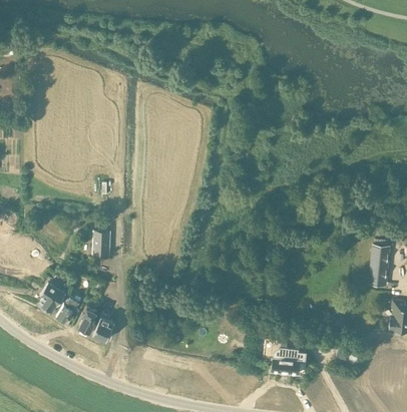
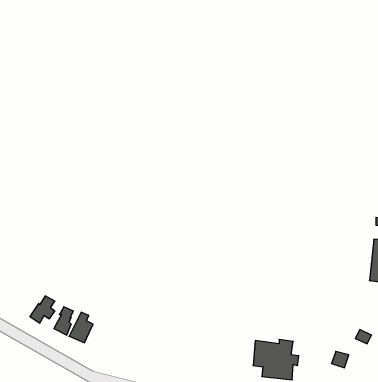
building: [92,231,109,256] -> none
building: [38,284,65,314] -> none

